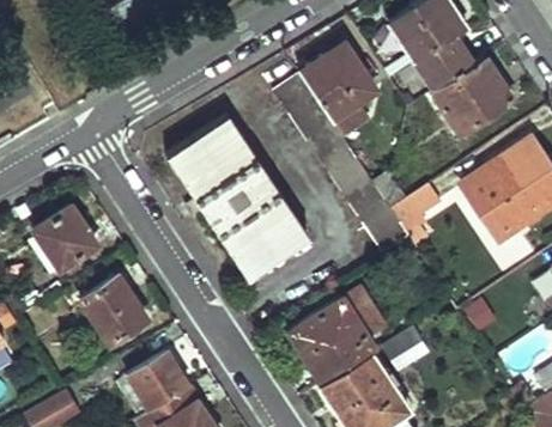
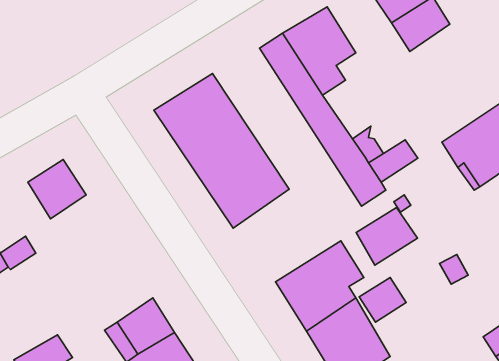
building: [429,57,514,136] -> none
building: none -> [356,207,418,265]
building: [81,276,145,342] -> none

